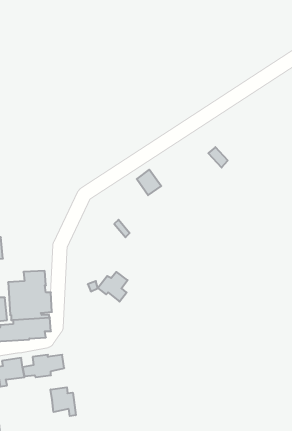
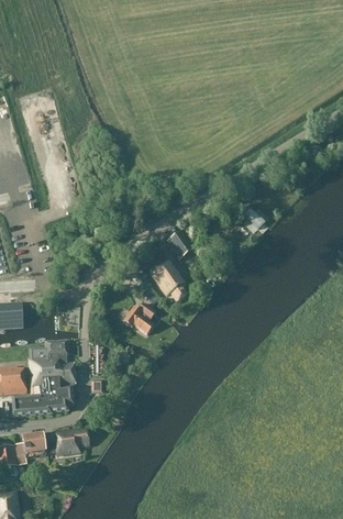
building: none -> [151,260,186,300]
building: [98,272,128,302] -> [123,302,155,334]
building: [51,387,76,416] -> none

